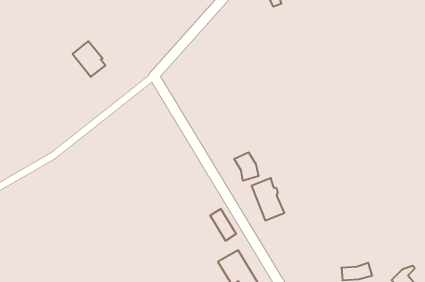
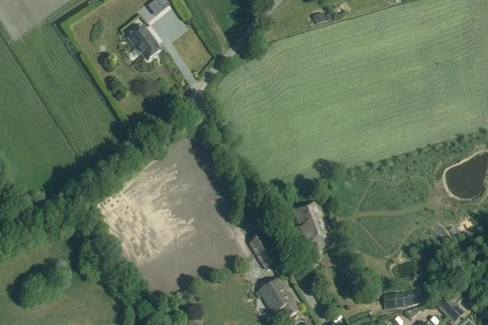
building: [73,41,105,77] -> [126,24,160,61]
building: [234,152,258,181] -> none

